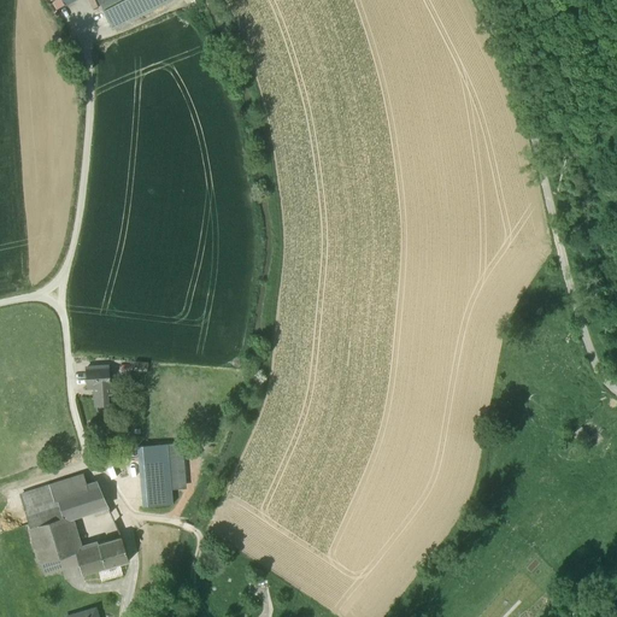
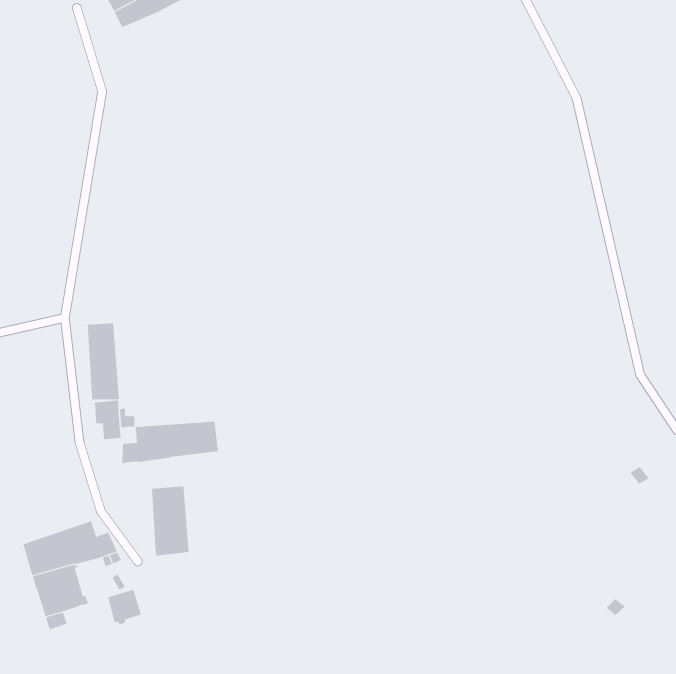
building: none -> [87,322,120,400]
building: none -> [122,421,219,464]
building: [76,543,105,574] -> none

